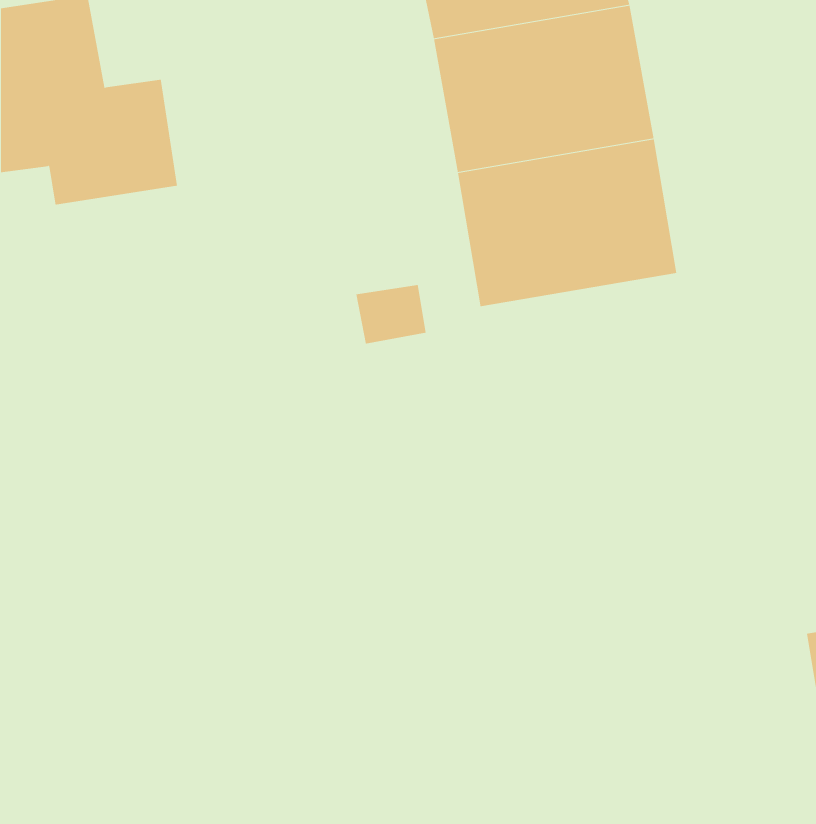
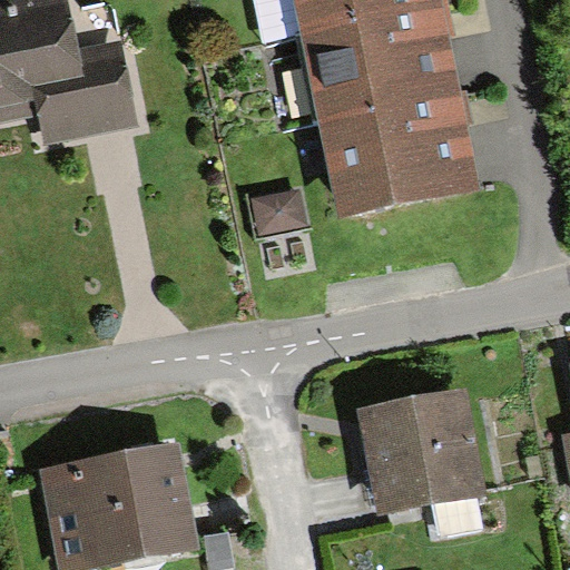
building: none -> [365,394,478,508]
building: none -> [47,448,191,563]

